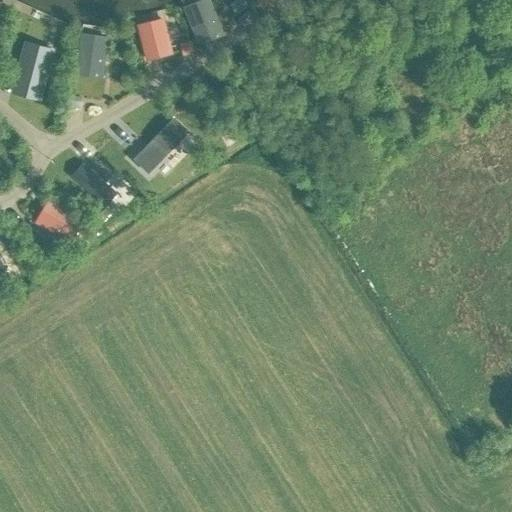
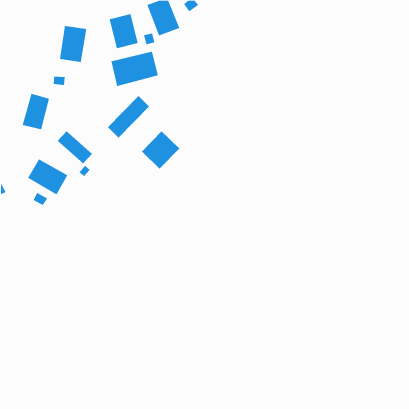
building: [14,52,49,98] -> [22,93,50,130]
building: none -> [111,51,158,87]
building: none -> [141,131,180,170]

